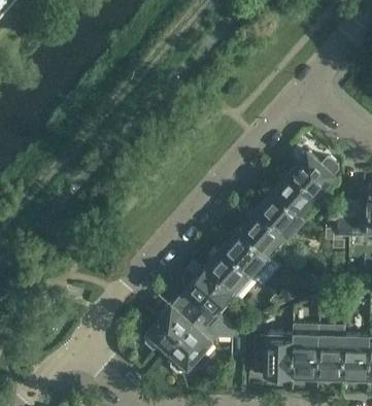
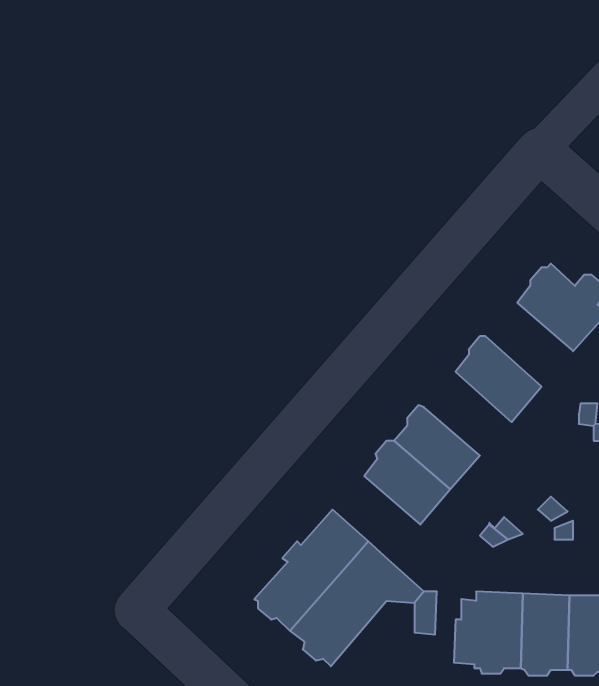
building: [273,172,322,219] -> none
building: [239,211,288,258] -> none
building: [189,268,237,315] -> none

